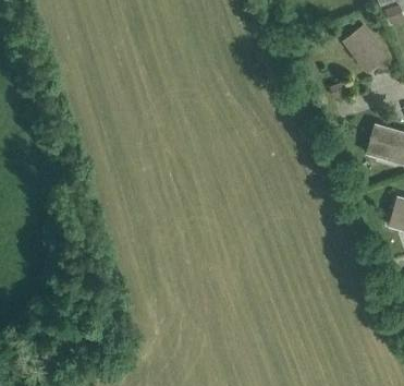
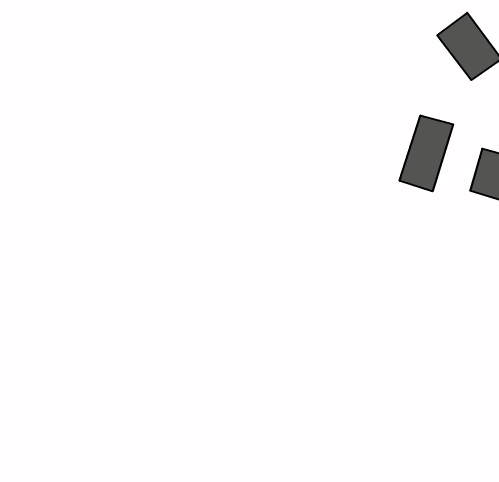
building: none -> [400,115,453,191]

